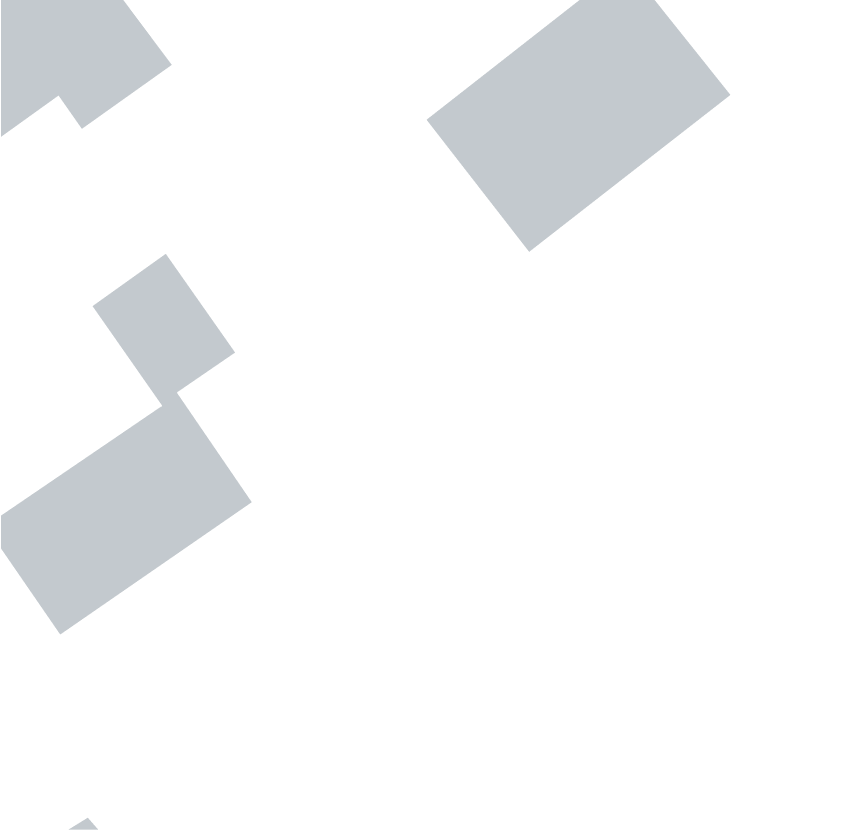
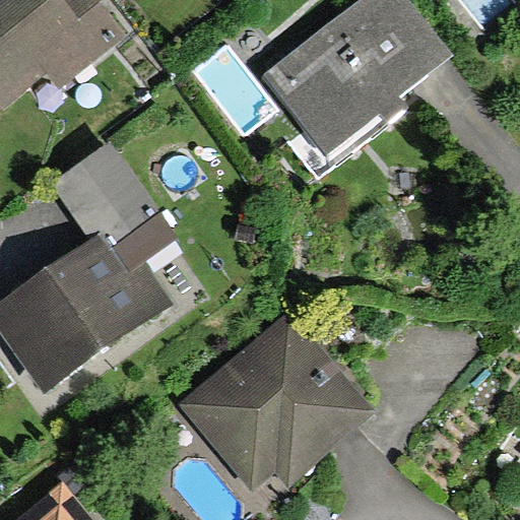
building: none -> [185,322,358,475]

